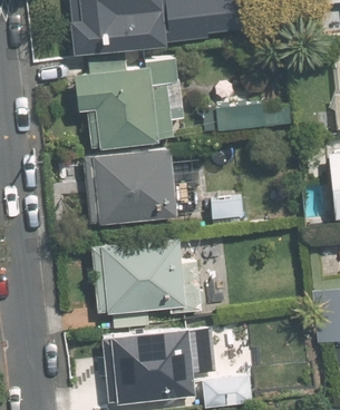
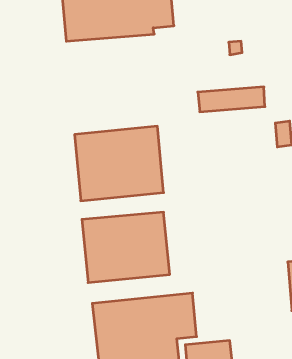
building: [75,58,183,148] -> none

